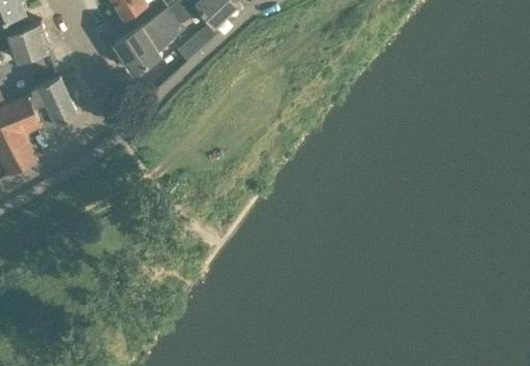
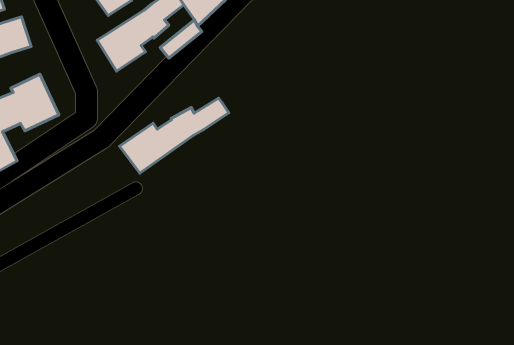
building: none -> [120,98,229,173]

